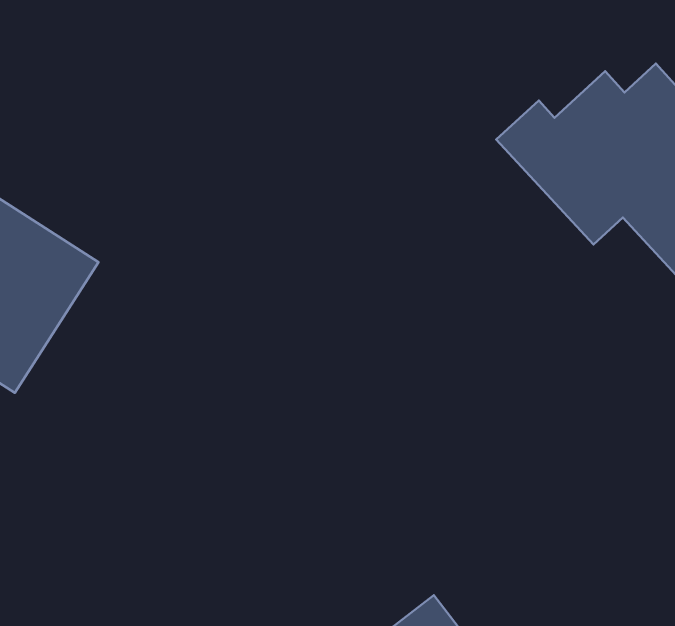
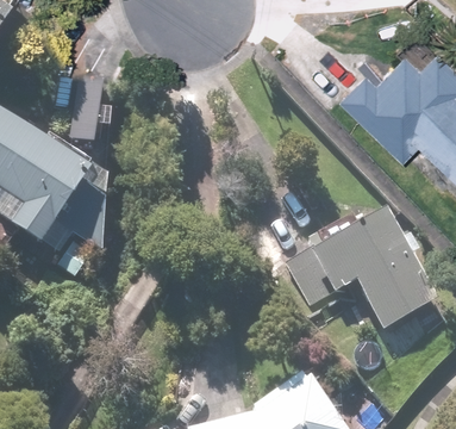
building: none -> [313,210,437,329]

